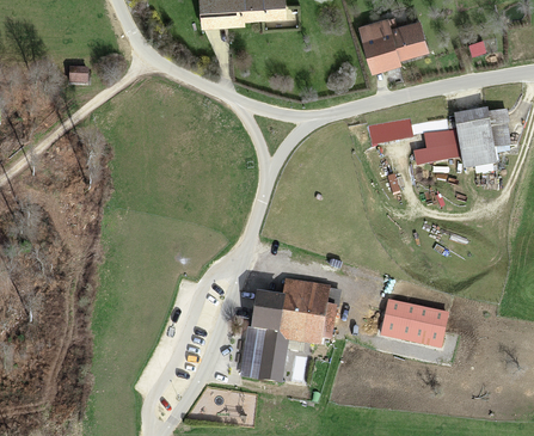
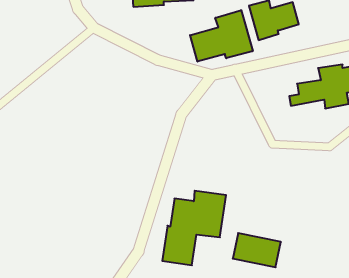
building: none -> [190,10,253,62]
building: [381,300,447,346] -> [233,233,281,267]

